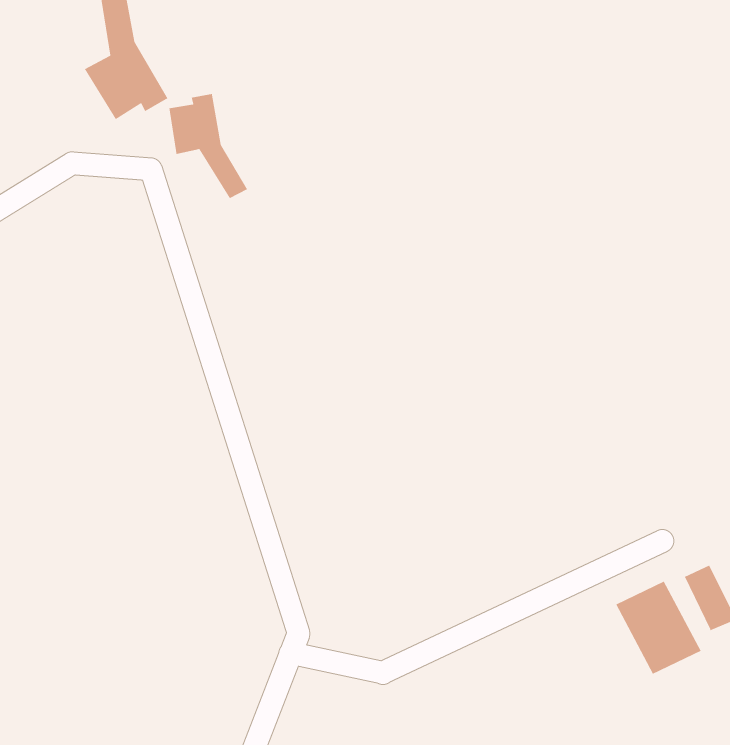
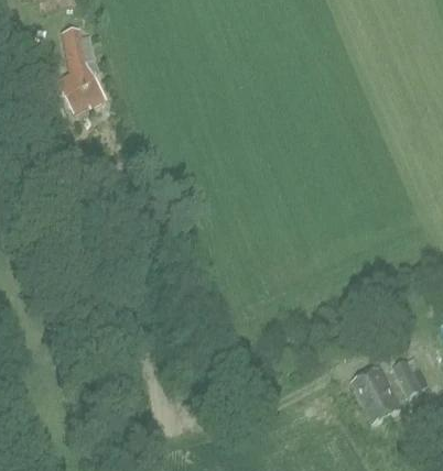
building: [169,93,248,199] -> none

